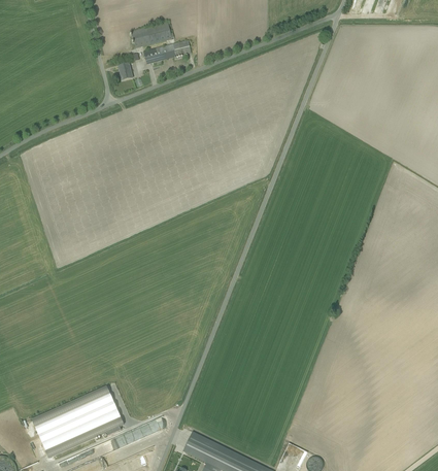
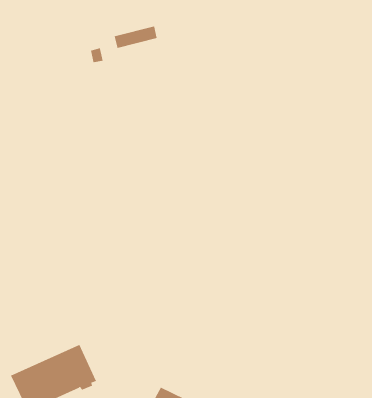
building: [131,22,174,48] -> none

